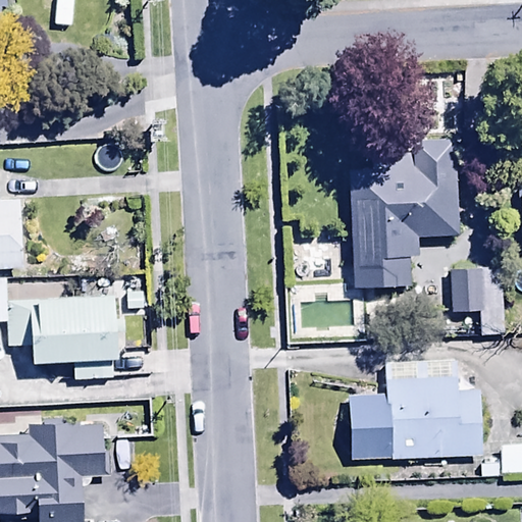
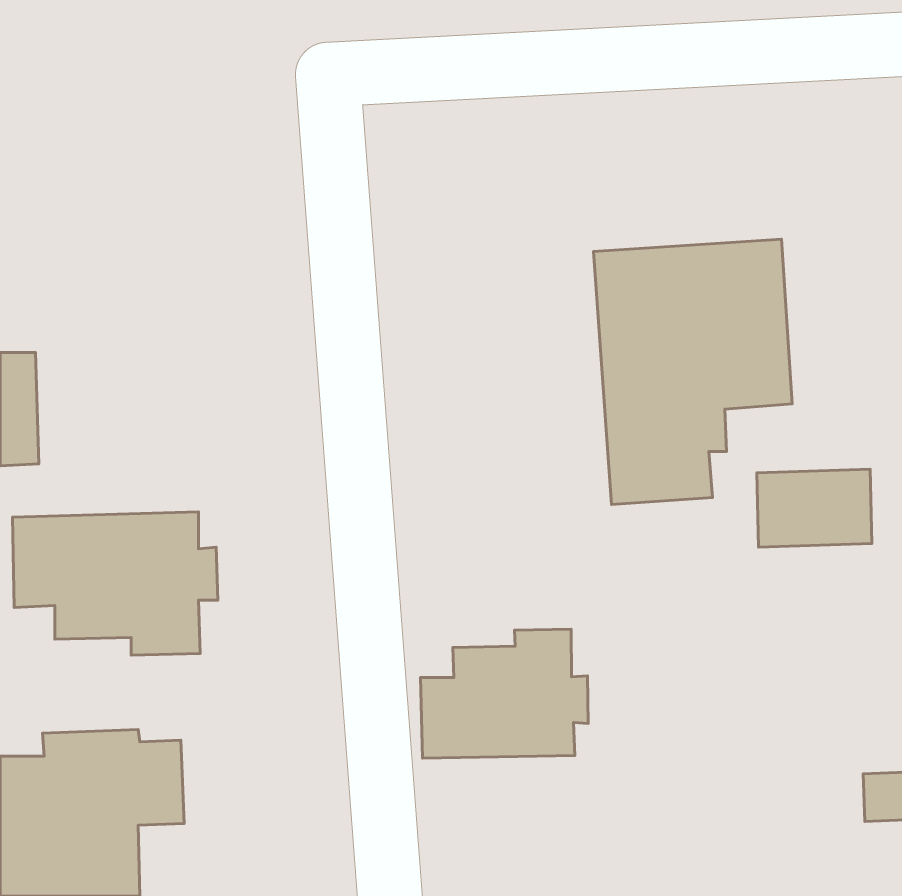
building: [352,358,482,459] -> none
building: none -> [421,629,588,758]

